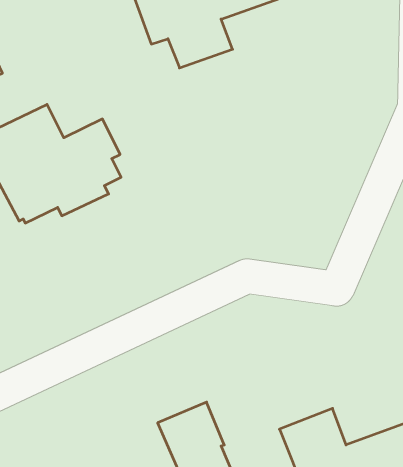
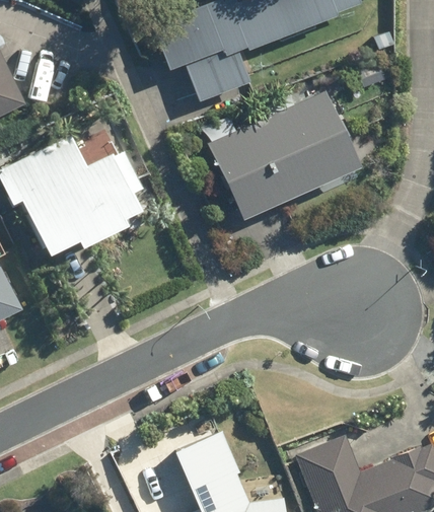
building: none -> [213,96,360,220]

